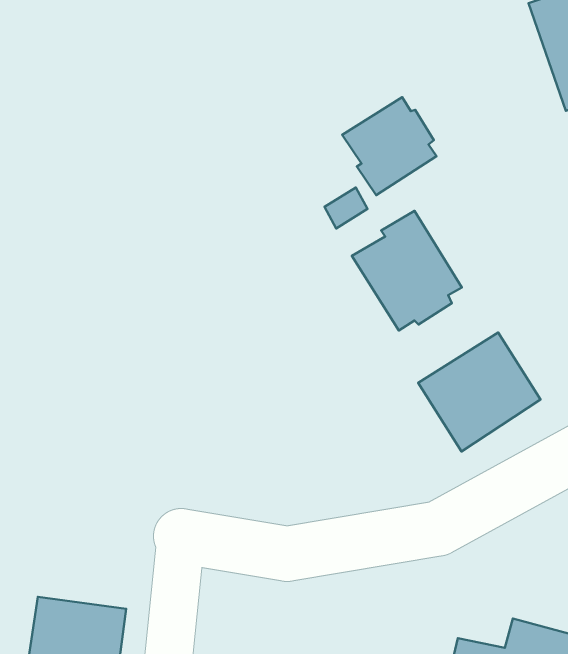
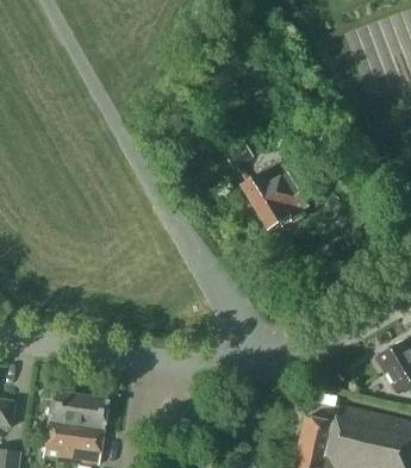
building: [342,97,437,195] -> none
building: [418,333,541,452] -> none

